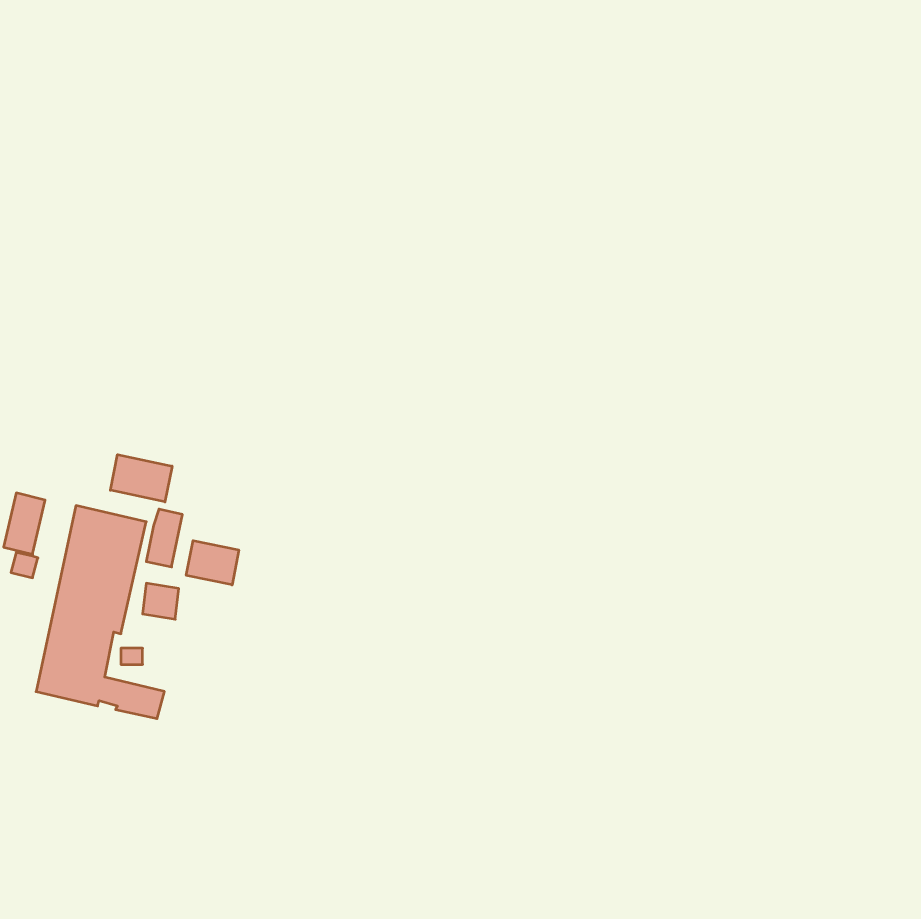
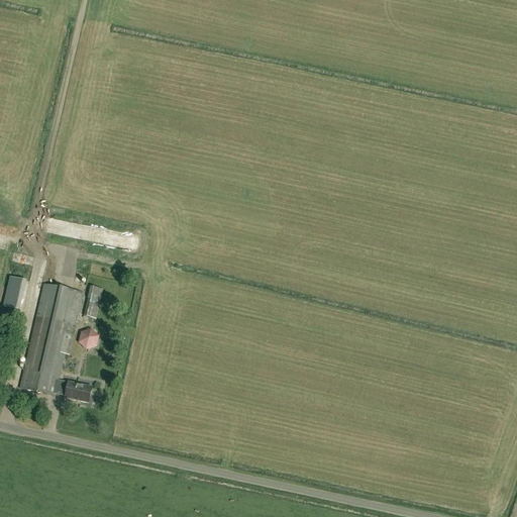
building: [110,455,172,502] -> none
building: [186,541,239,585] -> none

